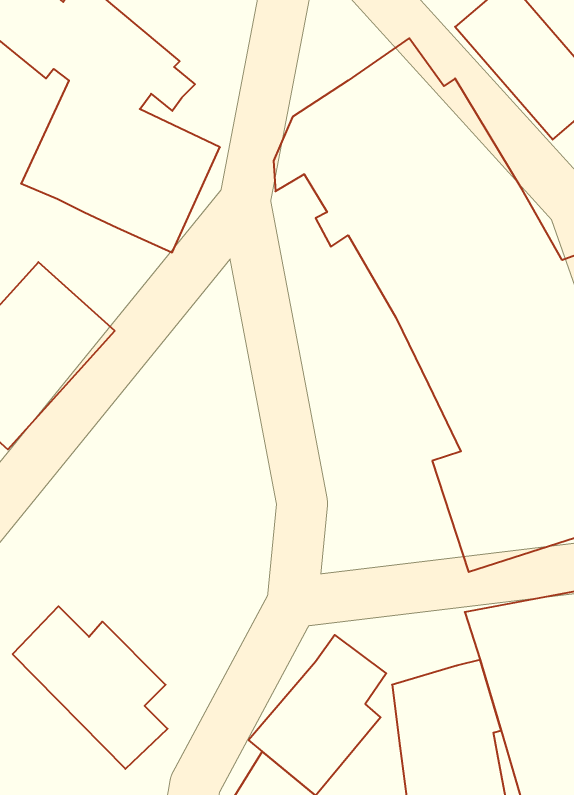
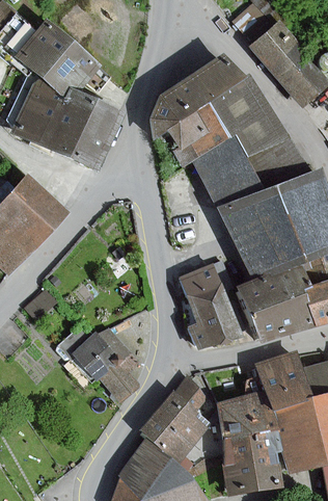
building: none -> [182,266,237,348]
building: [13,606,168,769] -> [60,321,144,410]

